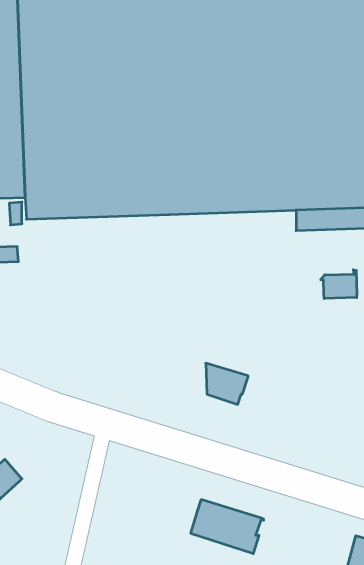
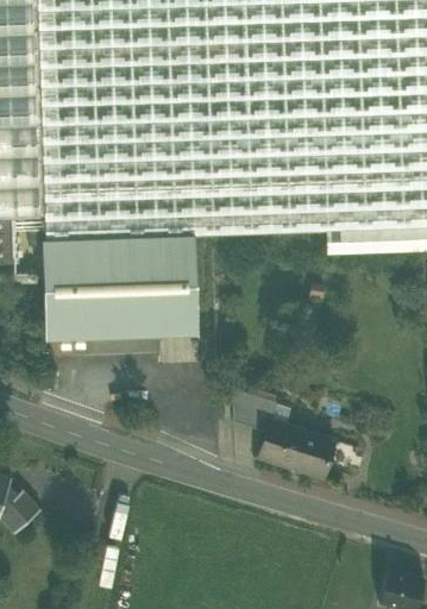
building: none -> [45,233,197,333]
building: [321,270,357,299] -> none
building: [191,500,264,554] -> [258,420,334,476]

